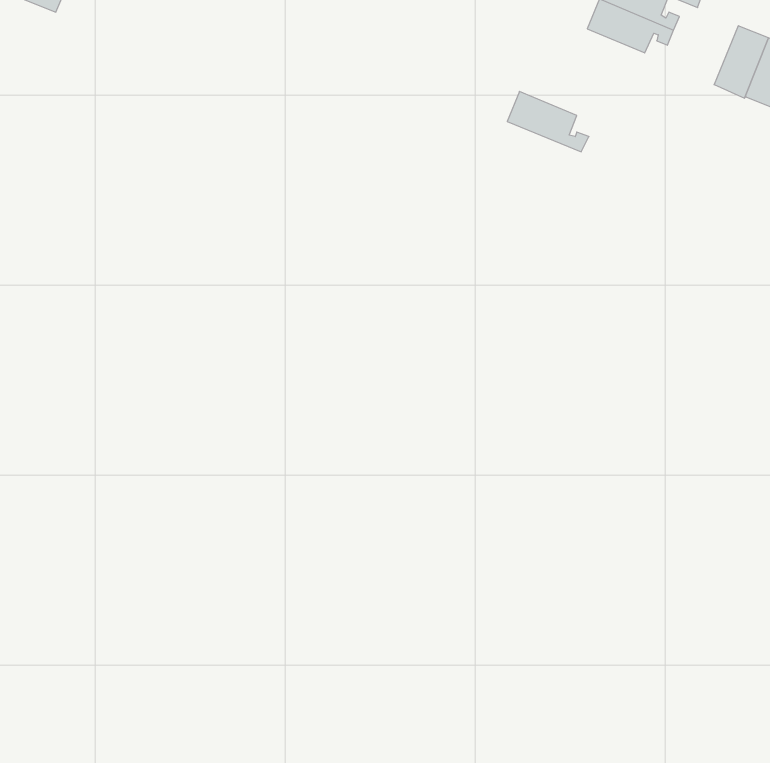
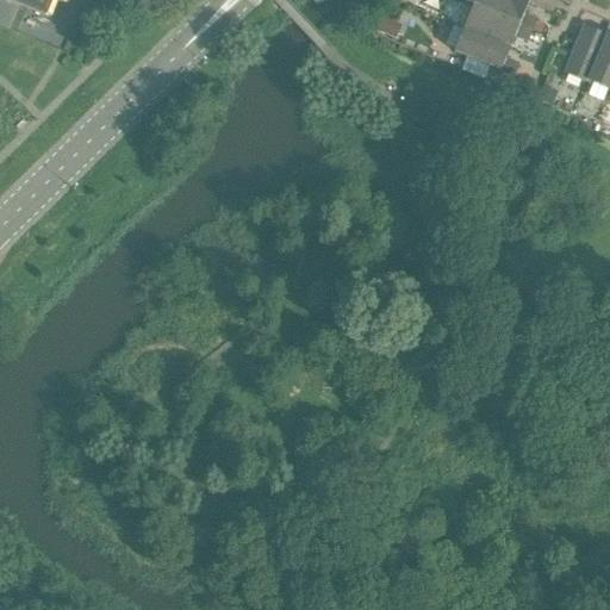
building: [507,91,589,152] -> [455,23,519,70]

